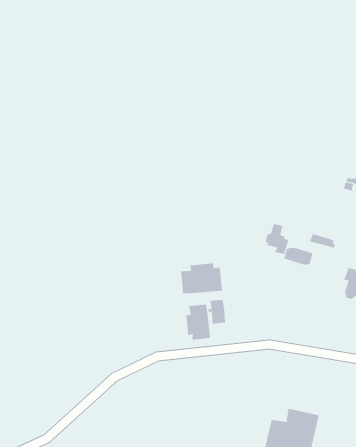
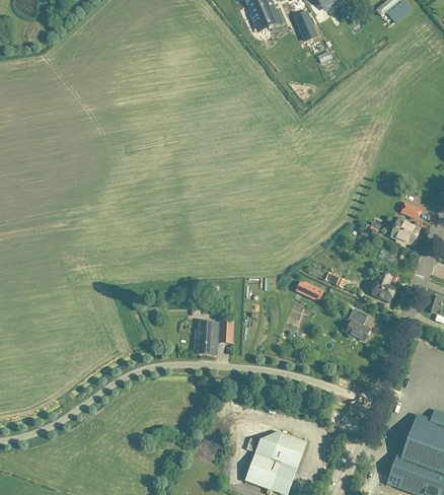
building: [265,223,289,255] -> none
building: [181,262,223,294] -> none

